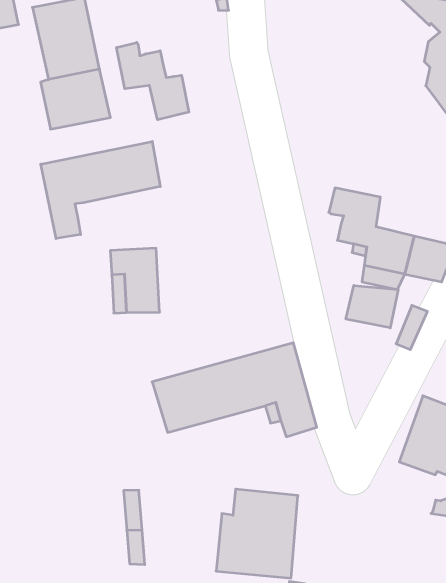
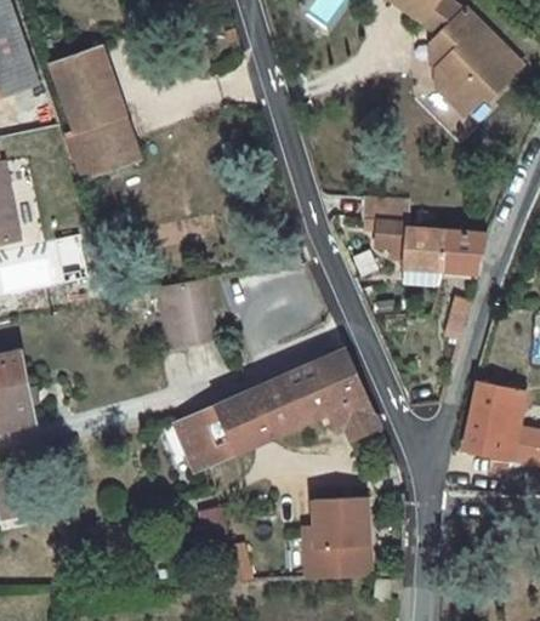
building: [117,42,189,120] -> none
building: [41,141,160,239] -> none
building: [346,285,398,328] -> none
building: none -> [175,406,238,471]

